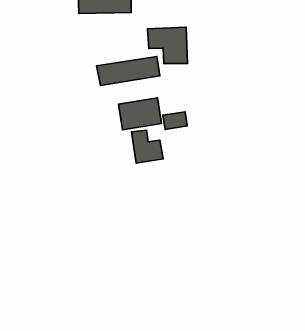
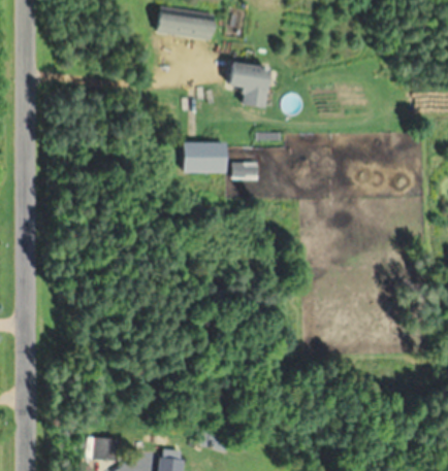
building: [97,56,160,86] -> none
building: [132,130,163,163] -> none

